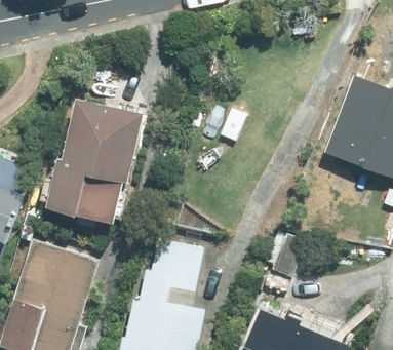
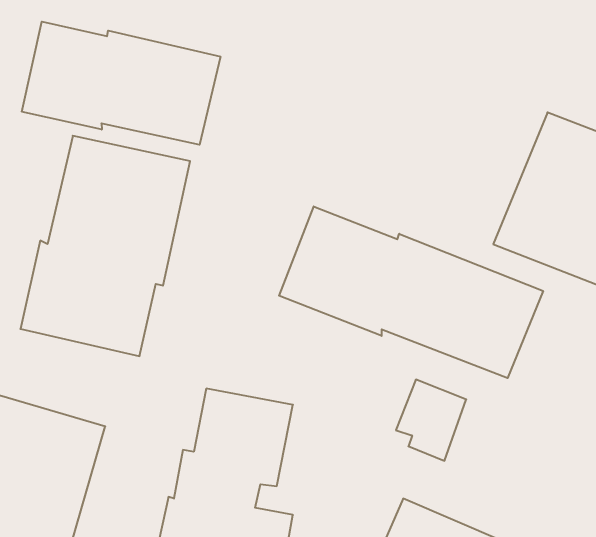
building: none -> [22,22,220,145]
building: none -> [279,206,543,378]

